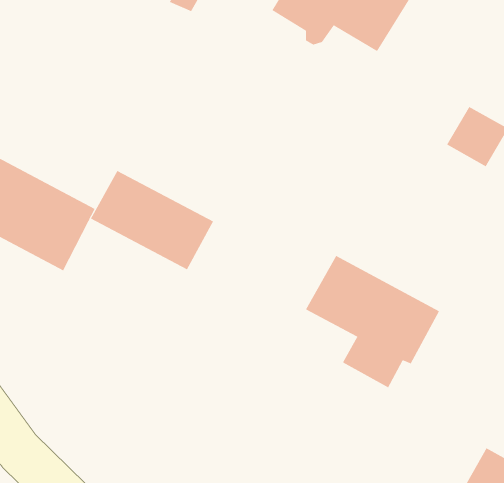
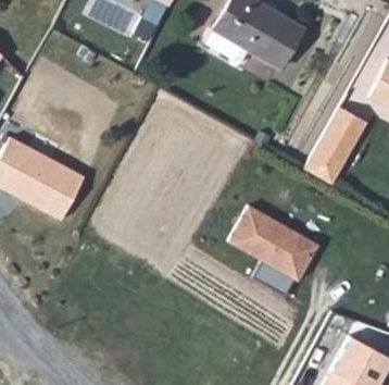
building: none -> [304,133,351,183]
building: [90,170,214,270] -> none

